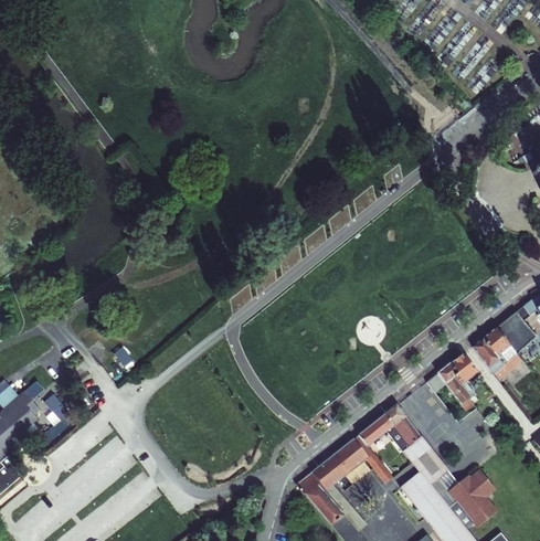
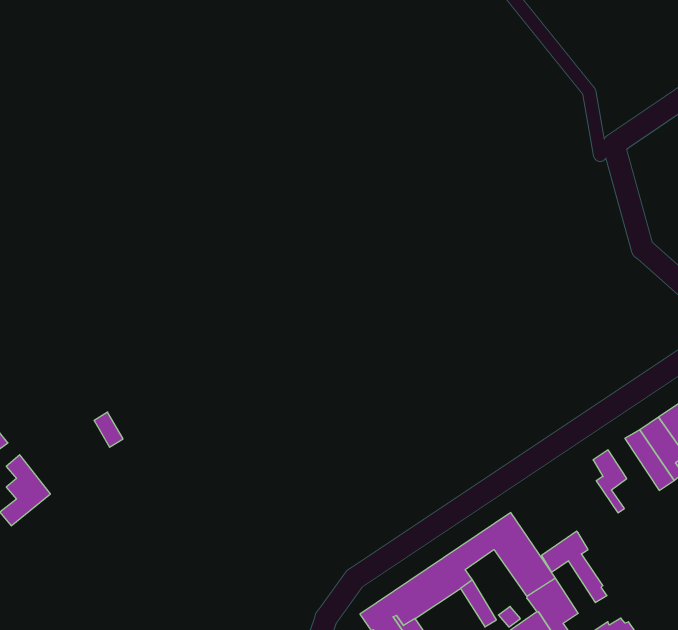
building: [427,362,475,411] -> [542,531,607,603]

